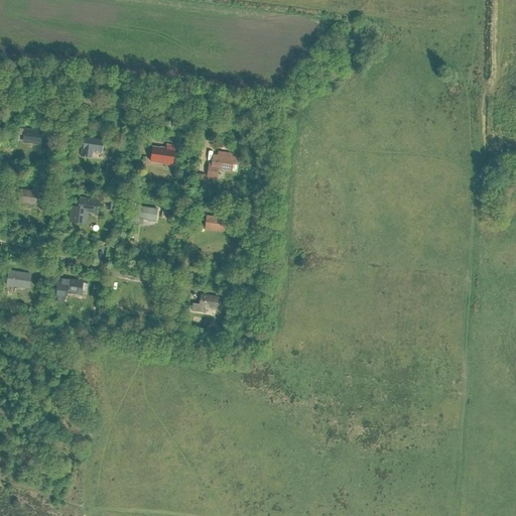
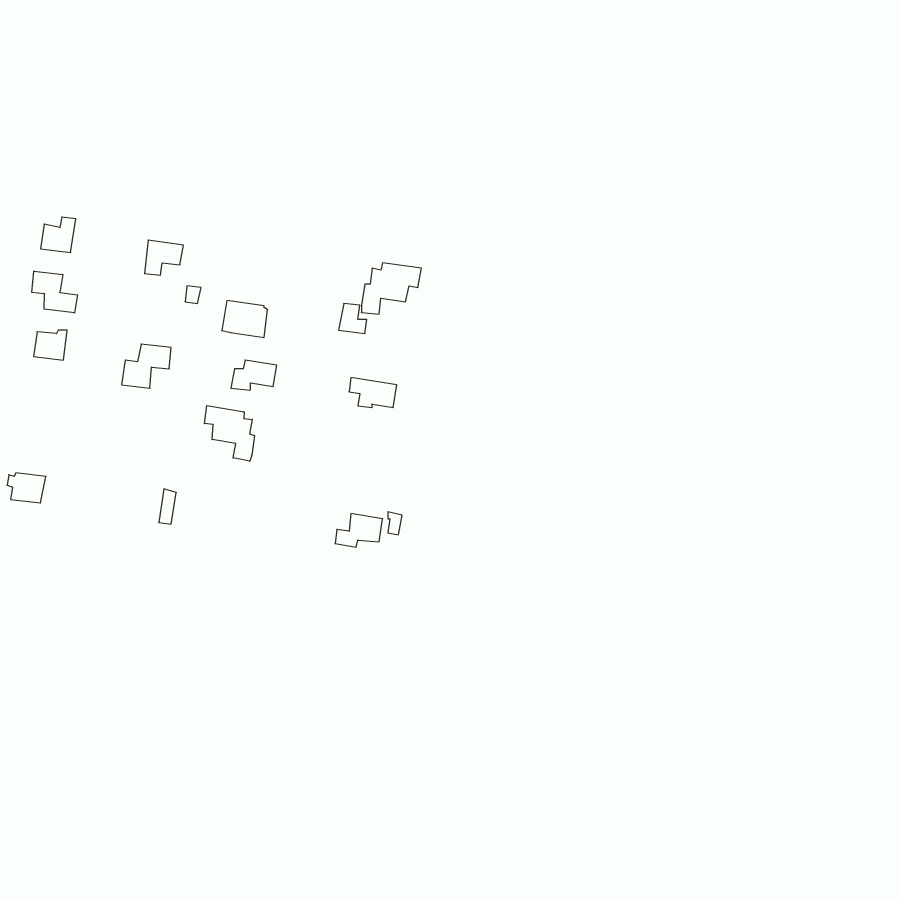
building: [149,145,175,166] -> [222,301,268,338]
building: none -> [32,271,78,313]
building: none -> [205,406,254,461]
building: [54,277,84,302] -> none

